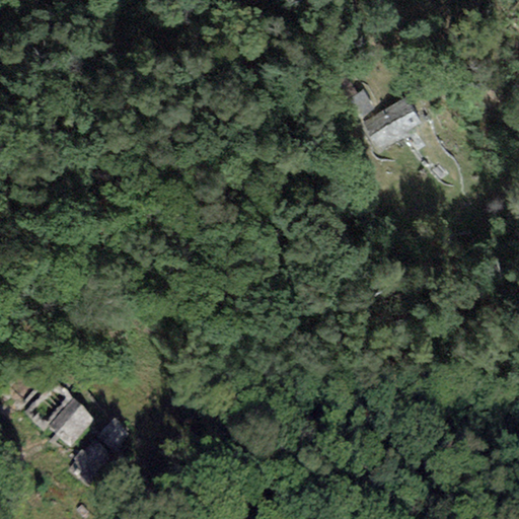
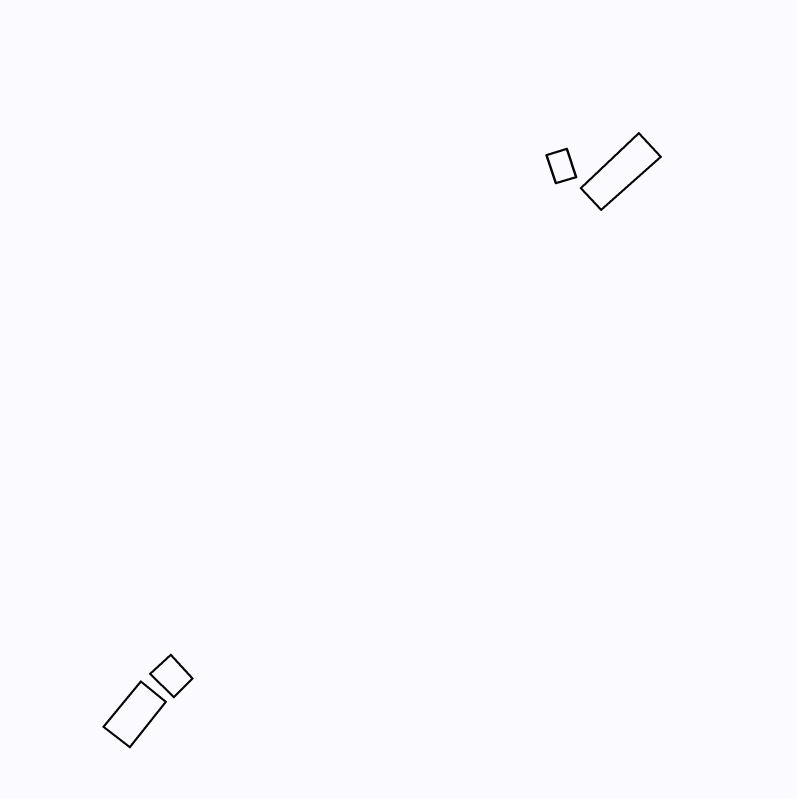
building: [48,402,92,448] -> none

